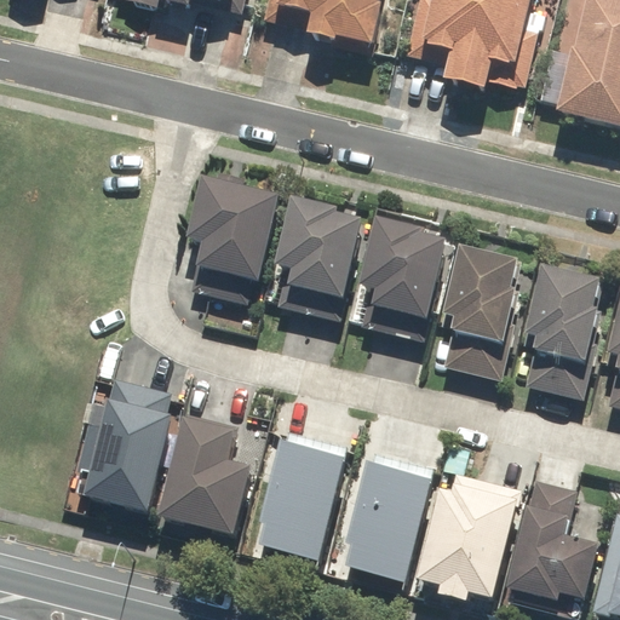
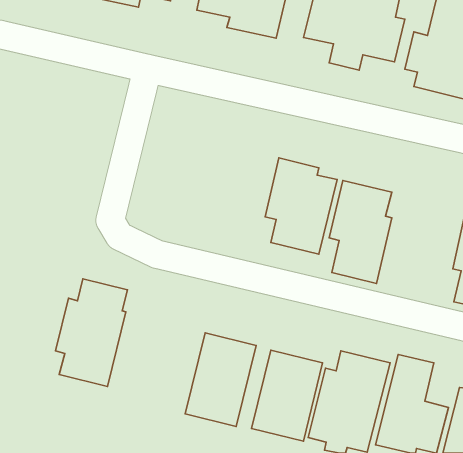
building: [185,177,276,299] -> none
building: [271,190,363,317] -> none
building: [522,259,605,397] -> none
building: [156,406,253,538] -> none

